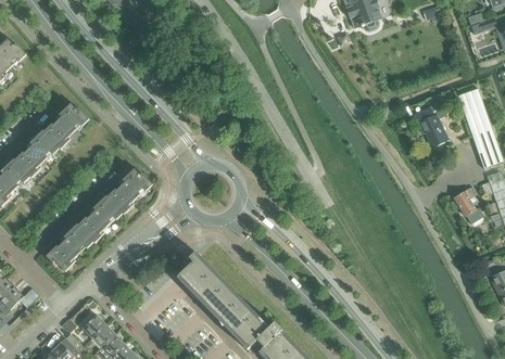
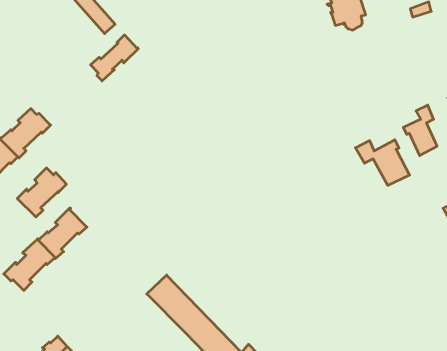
building: none -> [91,35,138,81]
building: none -> [355,140,410,185]
building: [106,169,152,215] -> [17,168,66,217]

